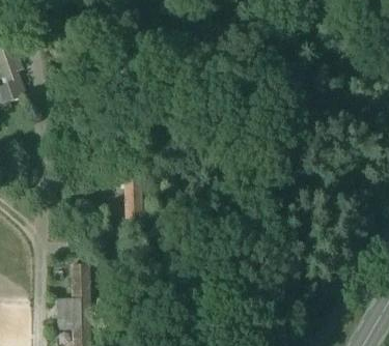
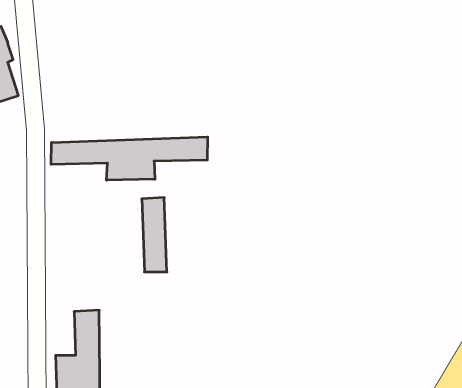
building: none -> [51,137,208,180]

